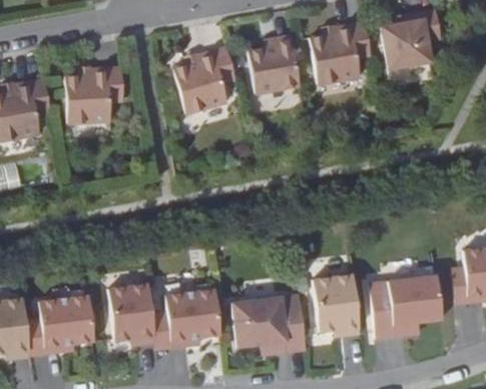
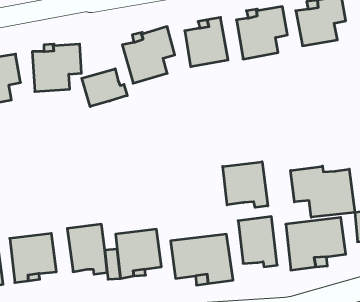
building: none -> [82,69,127,107]
building: none -> [223,162,268,207]
building: none -> [291,166,355,217]

